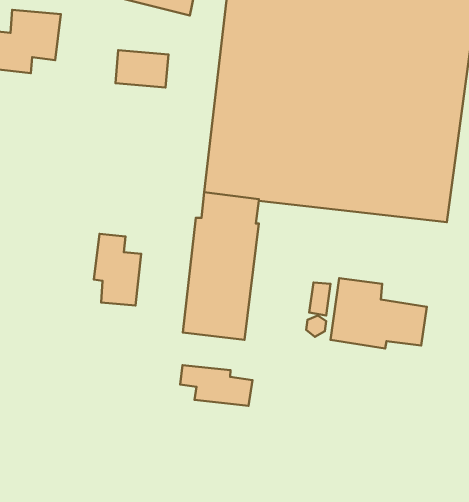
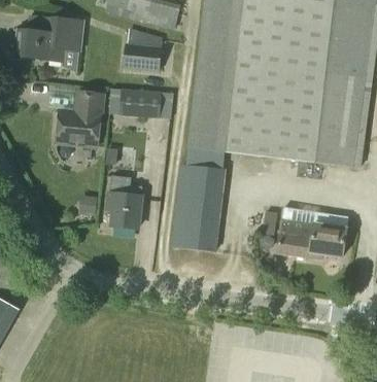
building: none -> [119,88,161,117]
building: none -> [57,91,103,145]
building: [180,365,252,406] -> none

